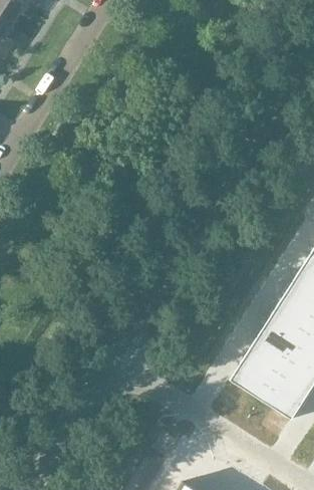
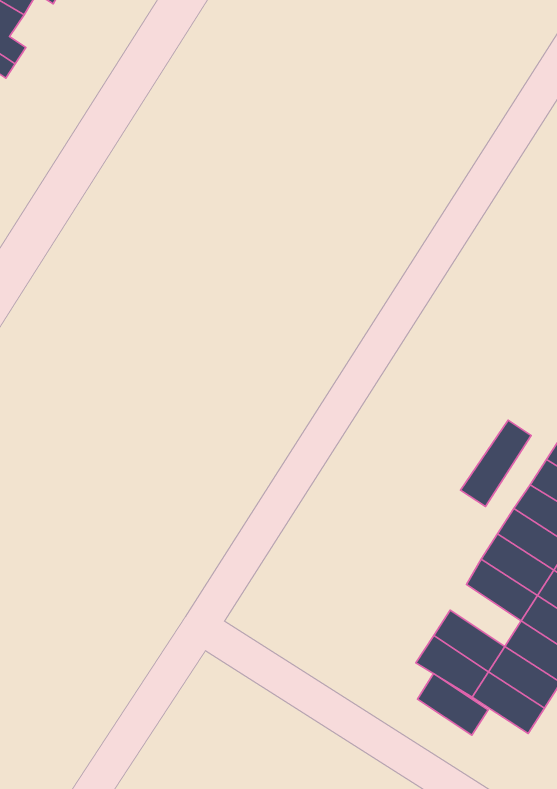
building: none -> [460,420,531,506]
building: [250,337,289,372] -> [417,674,488,735]

